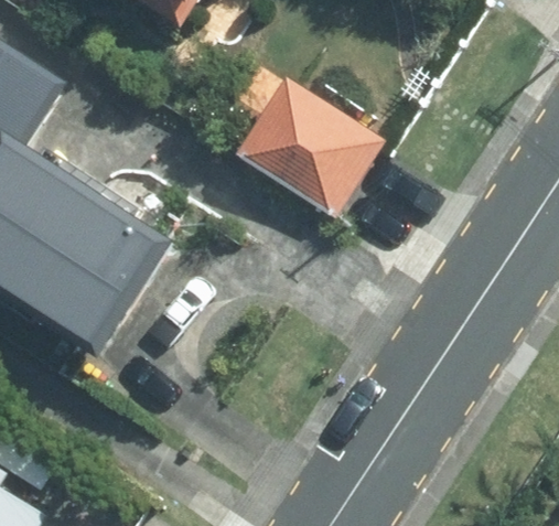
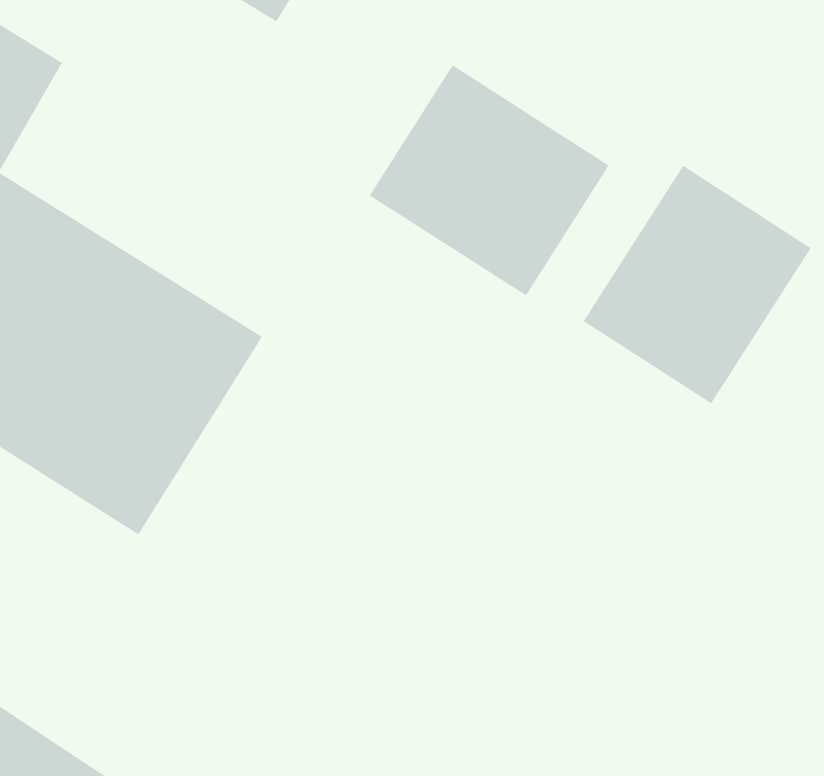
building: none -> [583,165,812,404]

